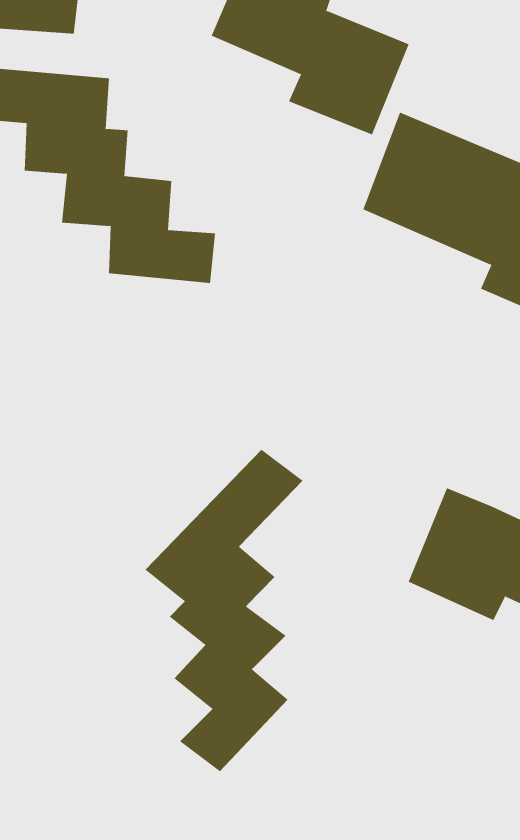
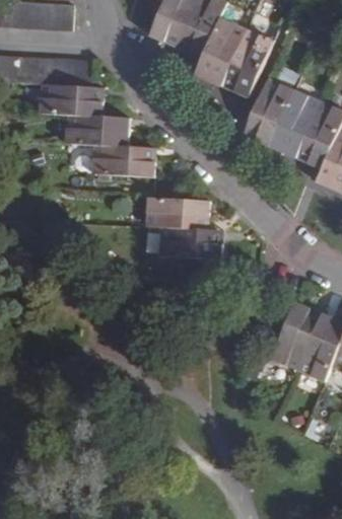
building: none -> [144,198,223,262]
building: [145,449,303,772] -> none

